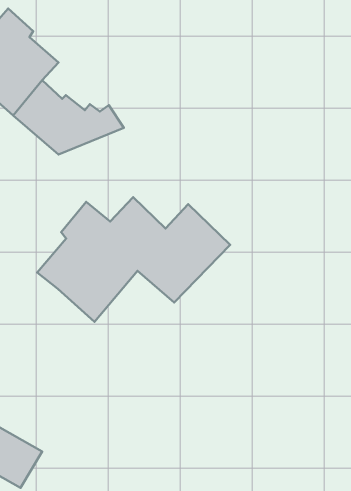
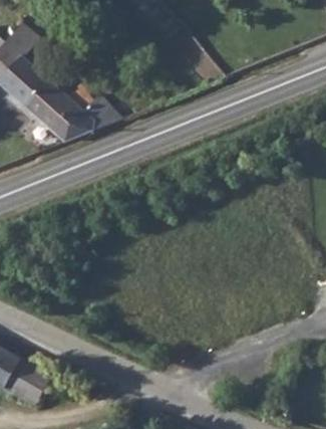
building: [37,197,230,322] -> none

